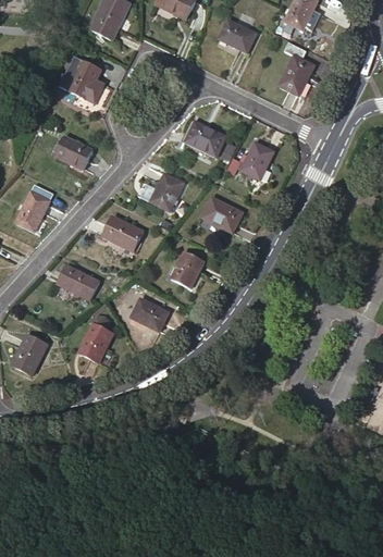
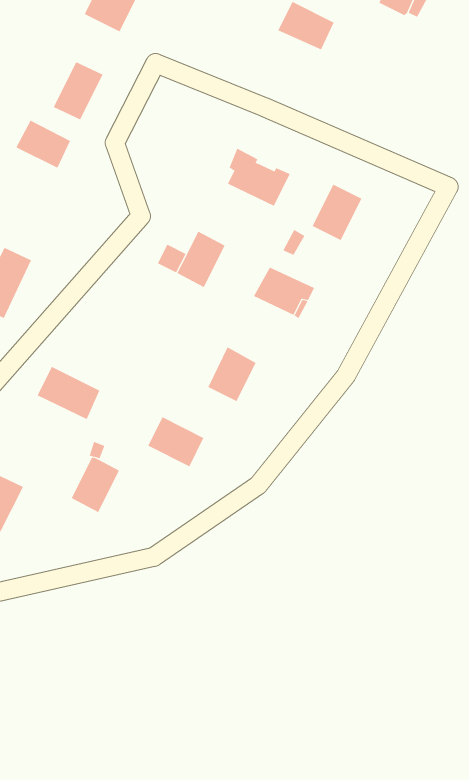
building: [279,42,314,95] -> none
building: [54,136,91,169] -> [16,120,71,169]
building: [102,215,143,249] -> none

